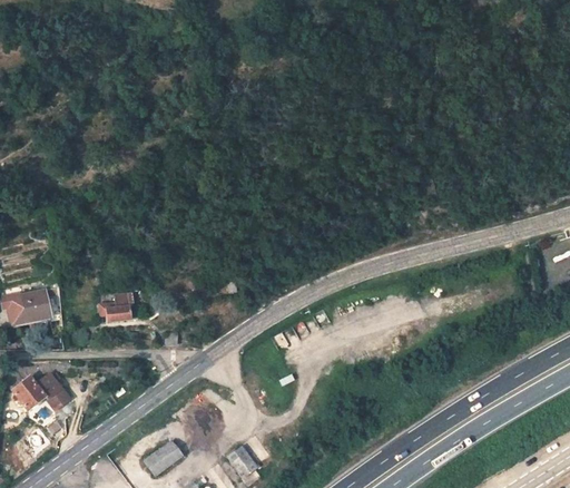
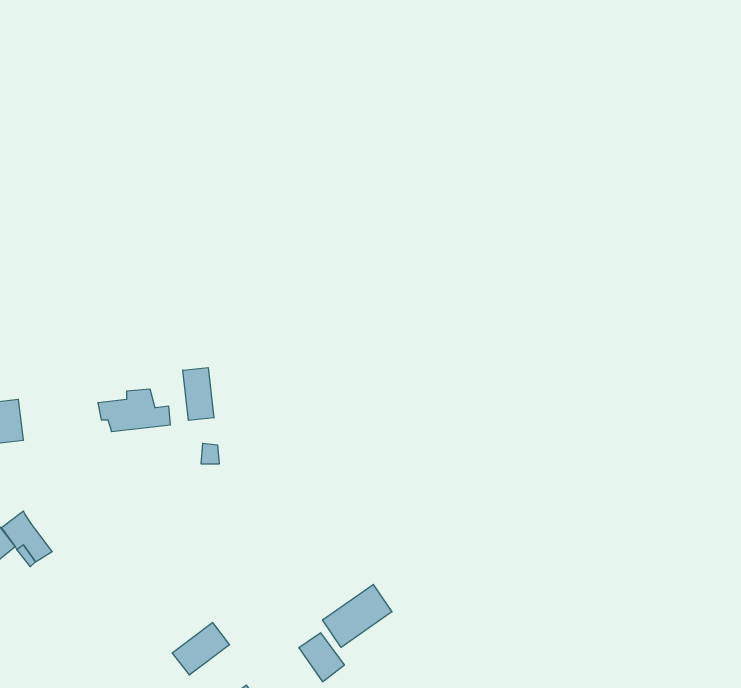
building: none -> [183,368,214,420]
building: none -> [323,584,392,647]

